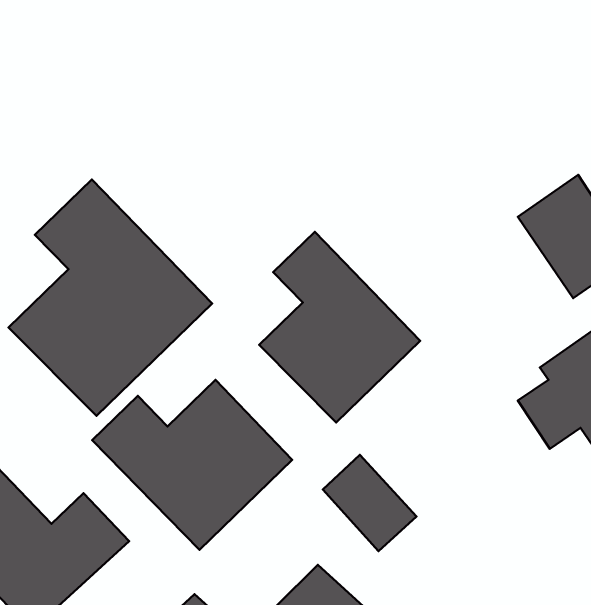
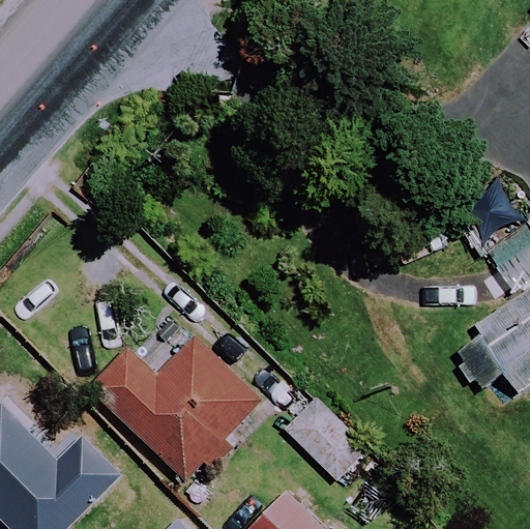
building: [8,179,212,416] -> none
building: [259,232,420,423] -> none

